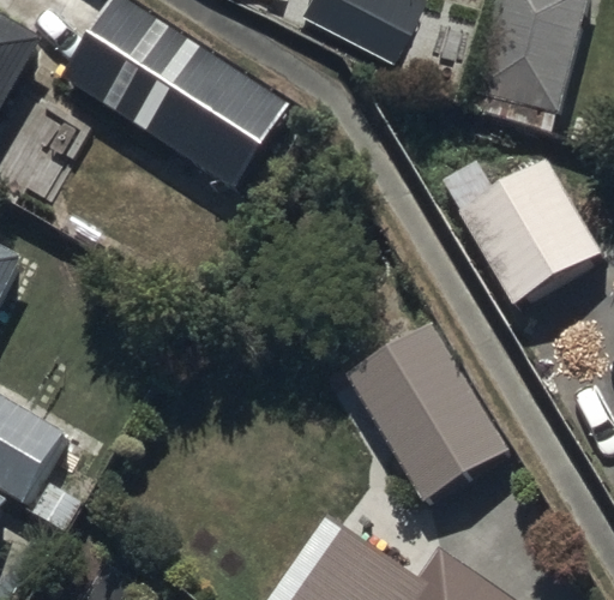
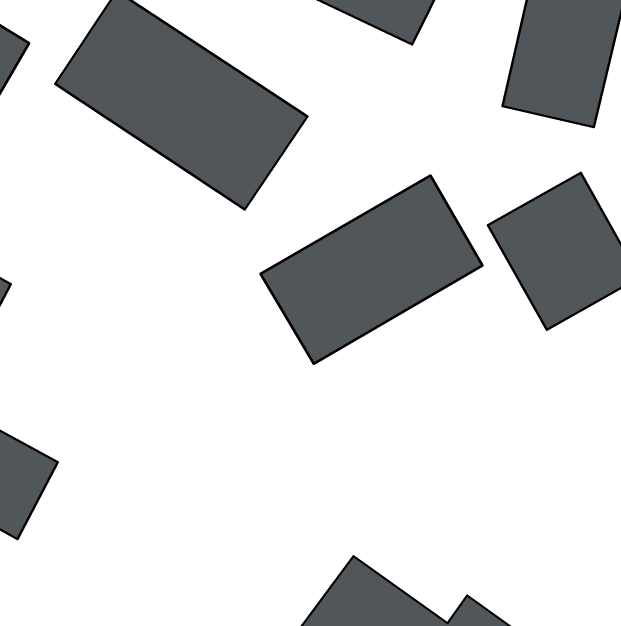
building: none -> [260,176,483,364]
building: [348,325,506,499] -> none

